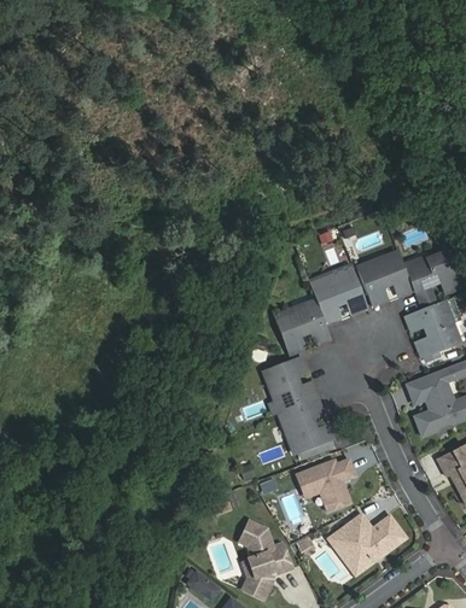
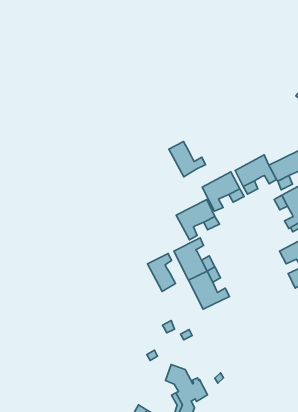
building: none -> [169,142,206,177]
building: none -> [147,253,176,291]
building: [296,458,353,510] -> none
building: [327,513,404,562] -> none

